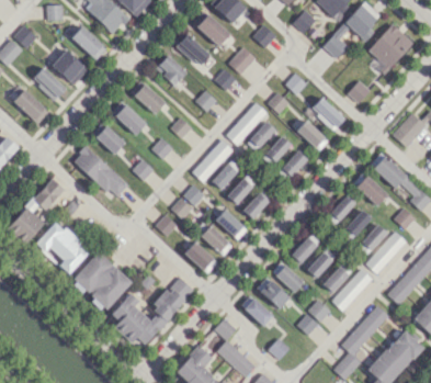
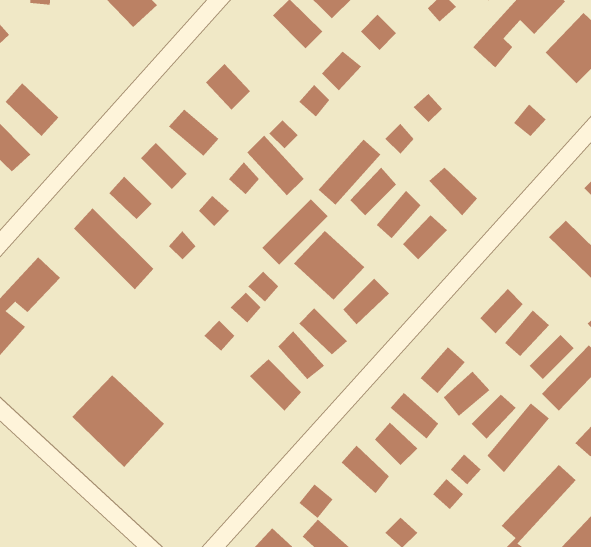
building: [72,27,105,60] -> none
building: [178,34,214,72] -> [246,135,304,196]
building: [52,49,87,85] -> none
building: [310,98,344,132] -> none
building: [355,174,388,207] -> none
building: [35,219,90,273] -> none
building: [107,277,193,348] -> none

